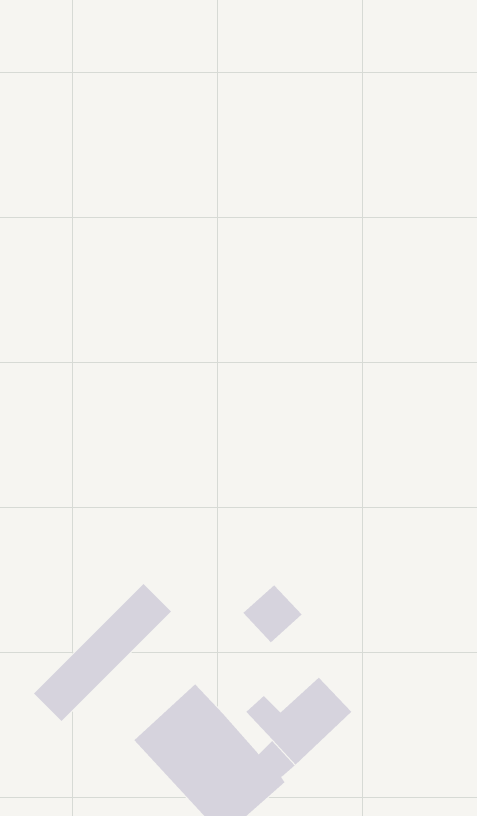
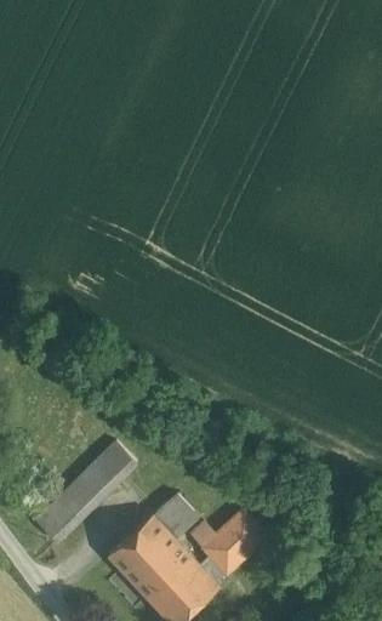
building: [242,585,303,643] -> [152,494,195,536]

